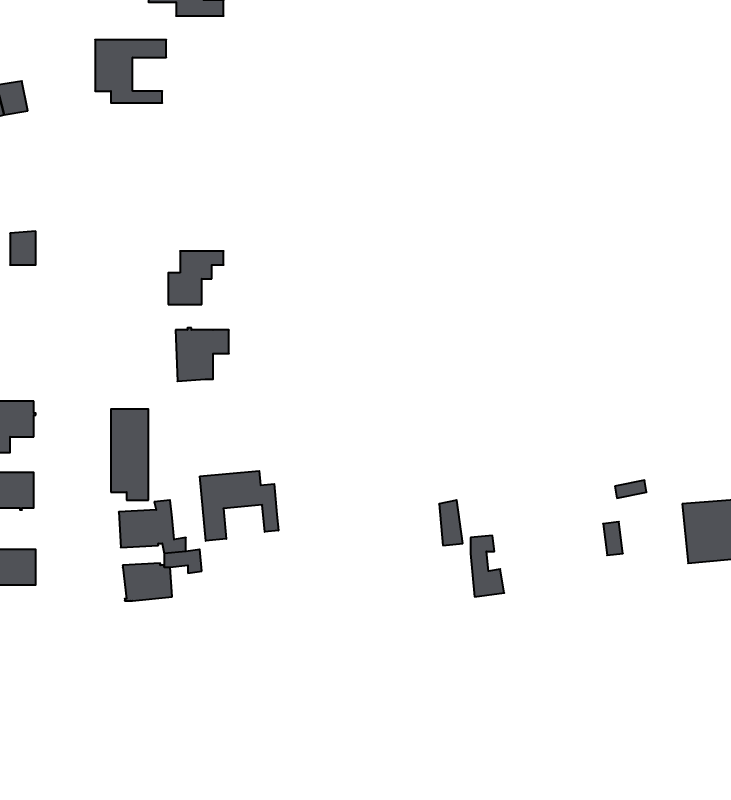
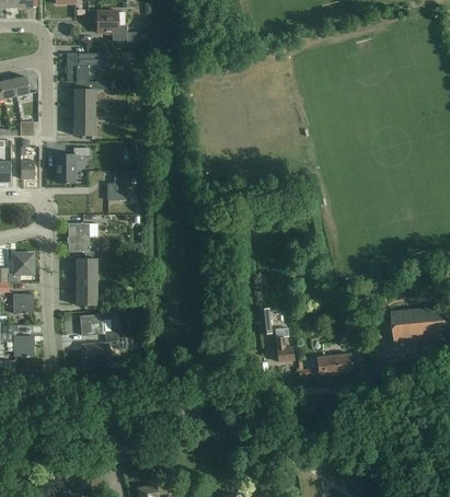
building: none -> [73,89,94,139]
building: none -> [56,148,89,182]
building: [176,328,229,381] -> [68,222,97,252]
building: [200,471,278,541] -> none
building: none -> [316,355,351,375]

